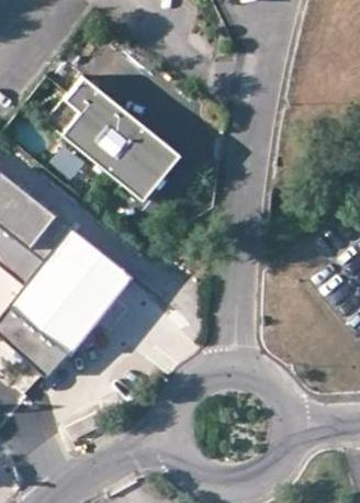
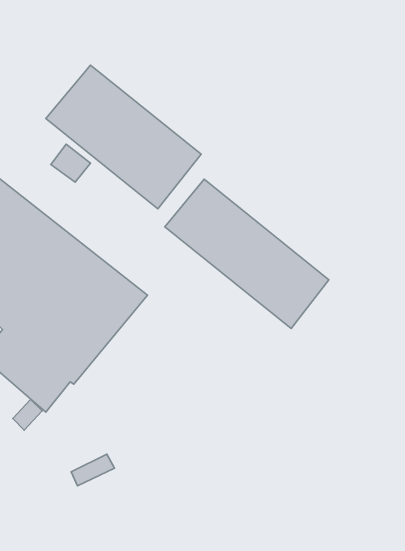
building: none -> [165,179,329,329]

